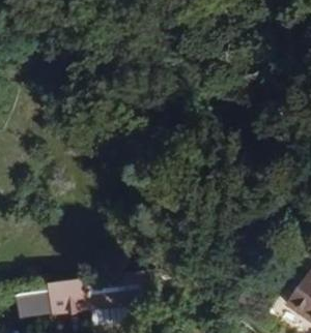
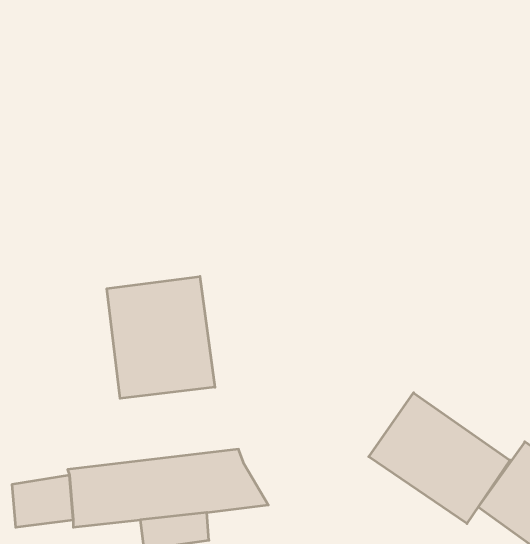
building: none -> [107,276,215,398]
building: none -> [369,393,510,524]

